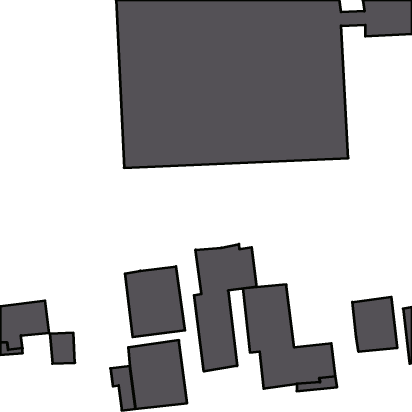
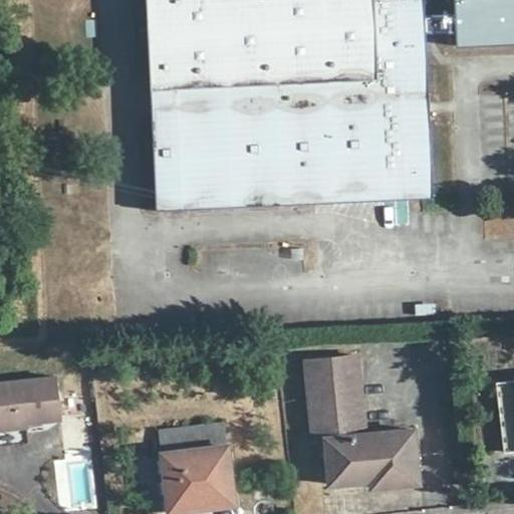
building: [194,244,257,371] -> none
building: [125,266,185,337] -> none
building: [352,297,397,352] -> none

